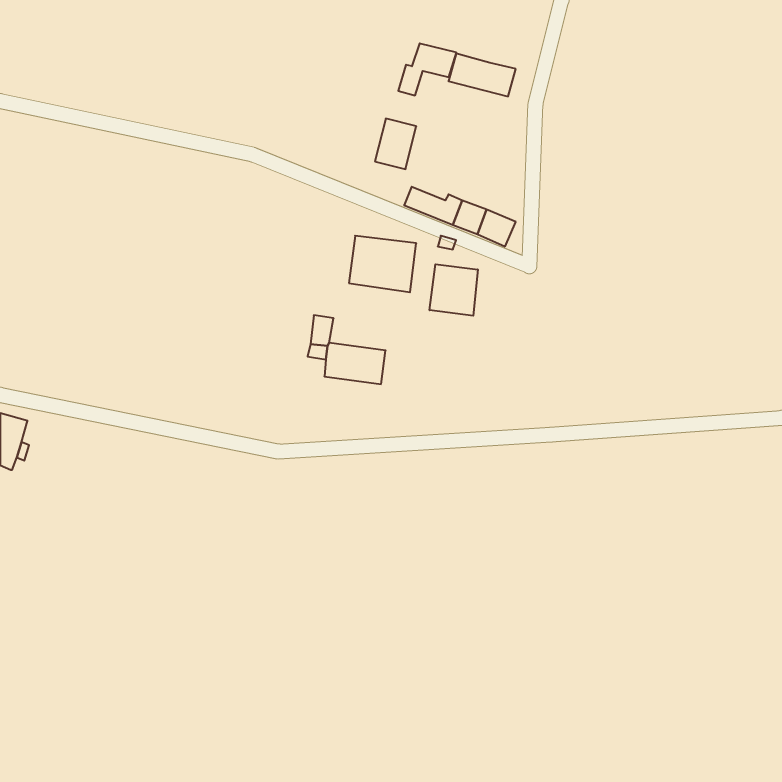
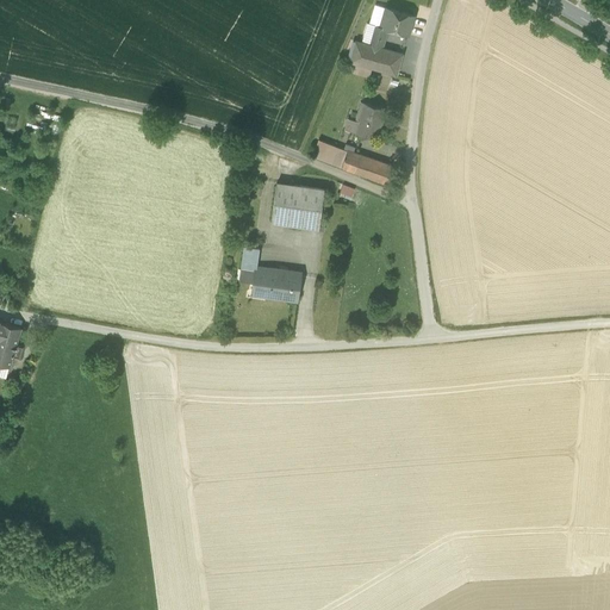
building: [398,43,456,95] -> [368,8,413,49]
building: [375,119,416,169] -> [350,102,382,142]
building: [430,264,478,316] -> none

